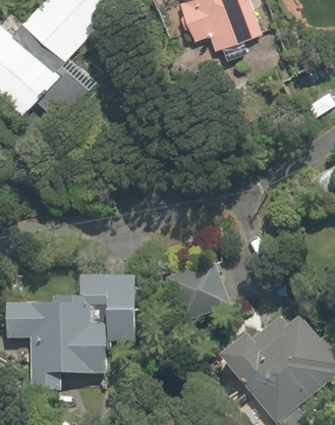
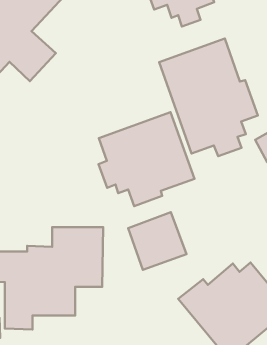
building: none -> [159,39,258,156]
building: none -> [98,112,195,206]

